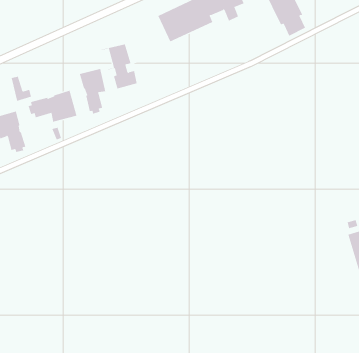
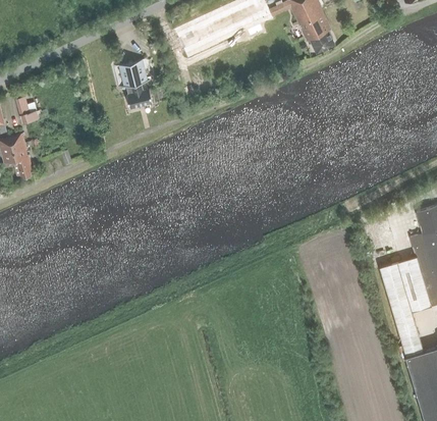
building: [79,68,106,115] -> none
building: [28,90,77,122] -> none

